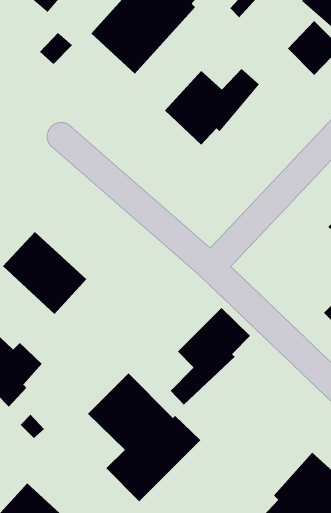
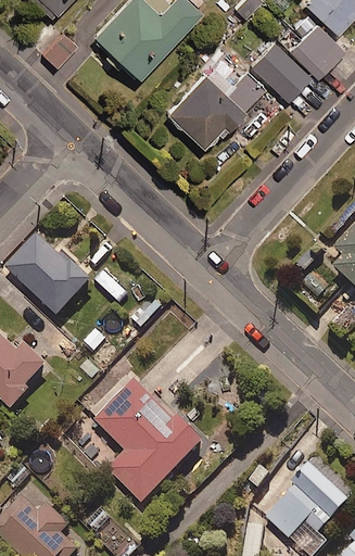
building: none -> [250,39,309,99]
building: [170,307,251,405] -> none

